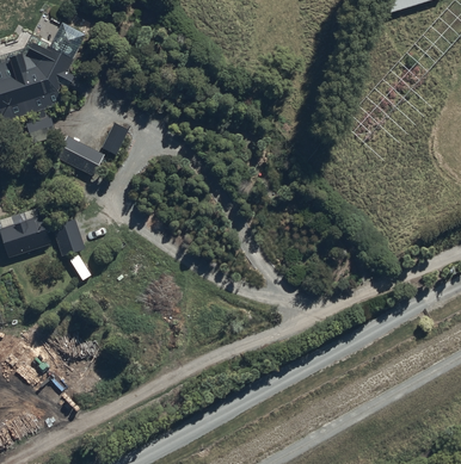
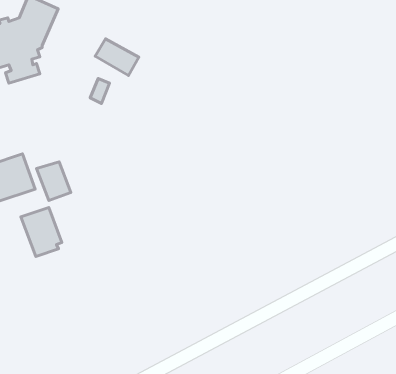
building: [55,136,100,174] -> [95,39,139,76]
building: none -> [21,207,62,257]

